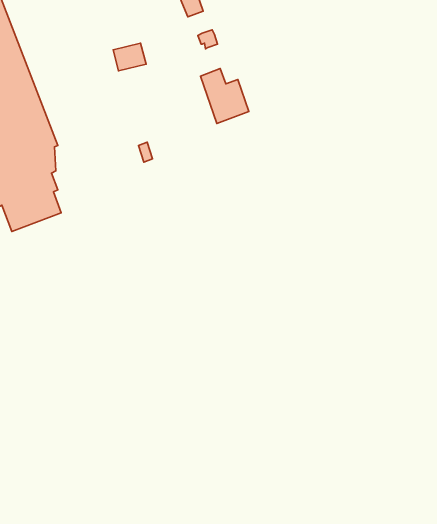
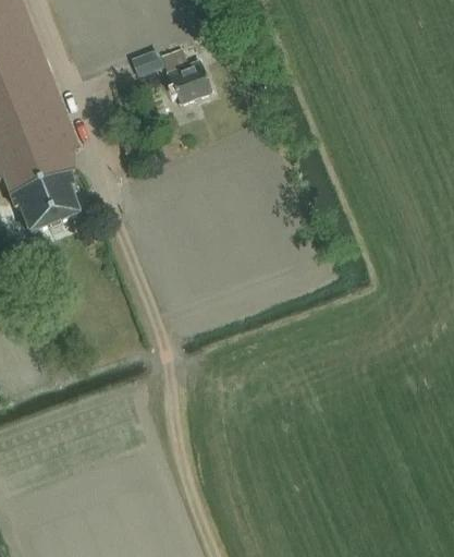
building: [200,68,249,124] -> [164,48,212,102]

